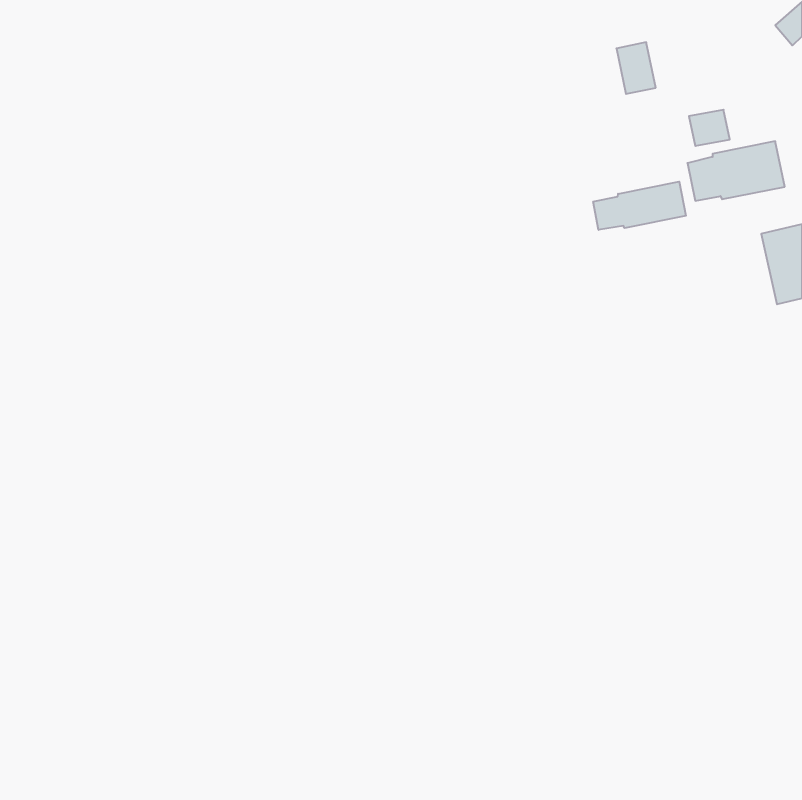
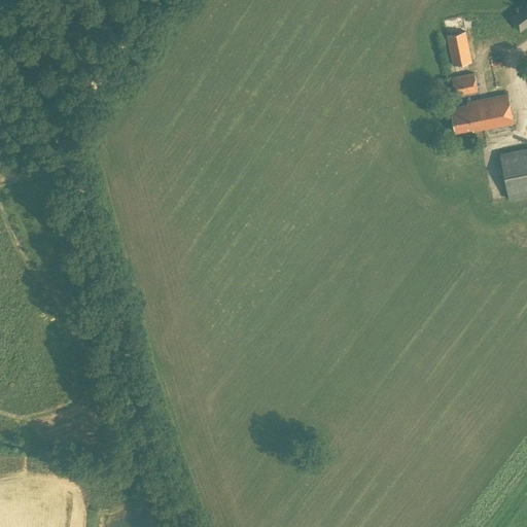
building: [616,42,656,94] -> [447,32,472,66]
building: [593,182,686,230] -> none

